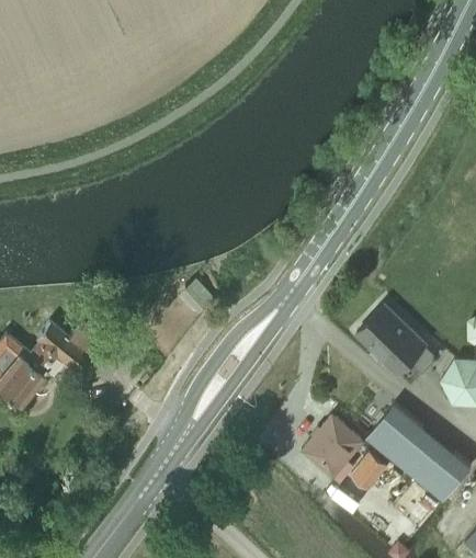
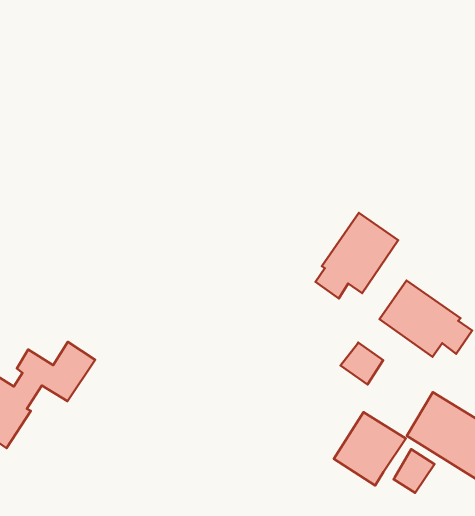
building: none -> [315,213,398,298]
building: none -> [340,342,383,384]

